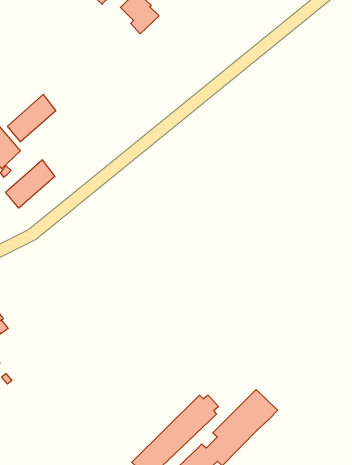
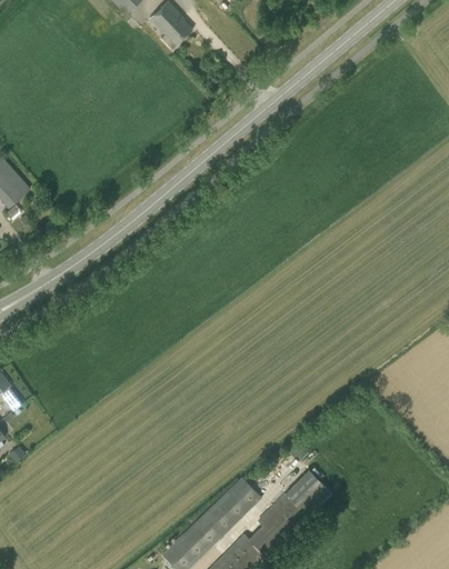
building: [8,94,56,142] -> none
building: [6,160,55,208] -> none

